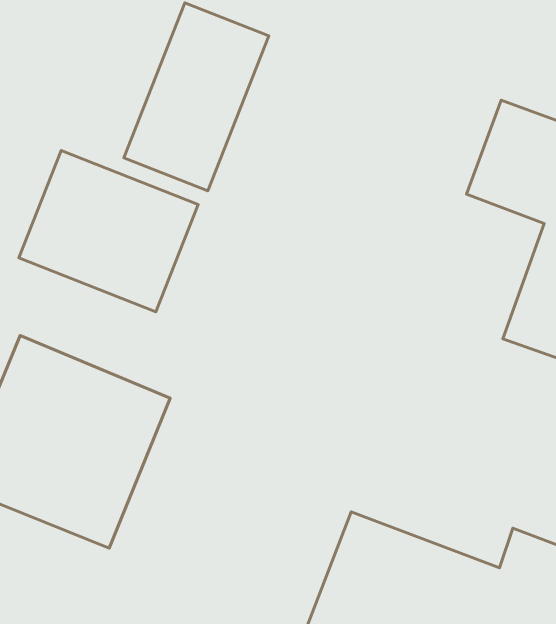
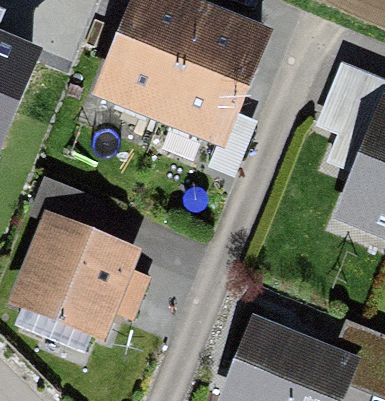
building: none -> [165,27,251,140]
building: [19,150,198,312] -> none

